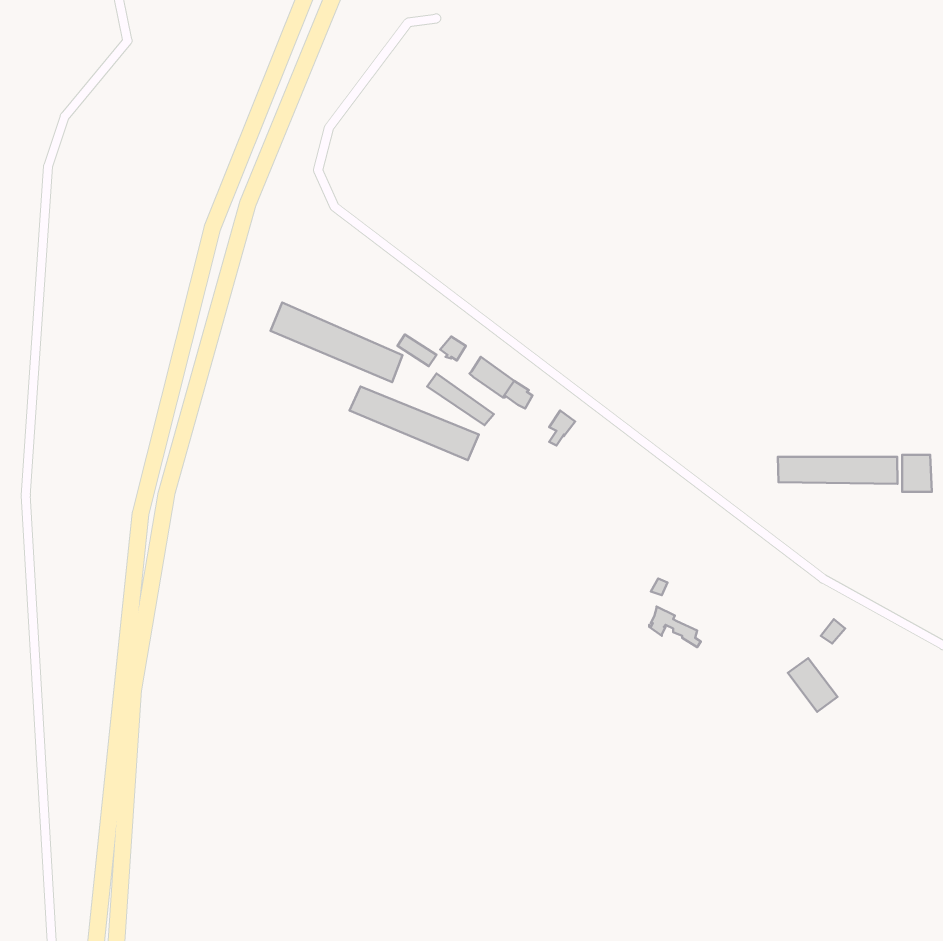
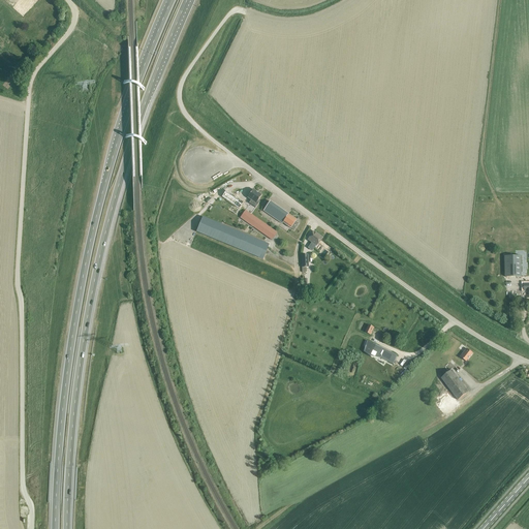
building: [271,302,403,382] -> none
building: [778,457,897,484] -> none

